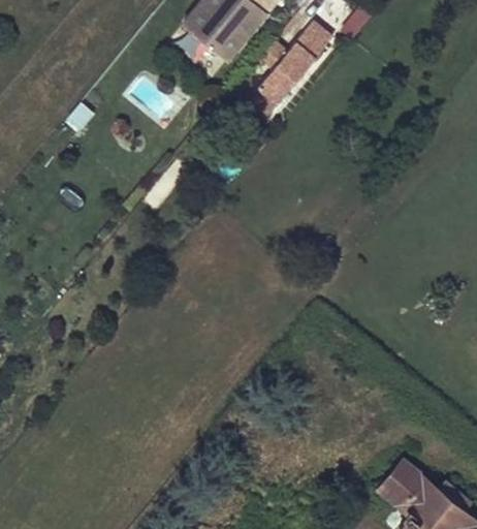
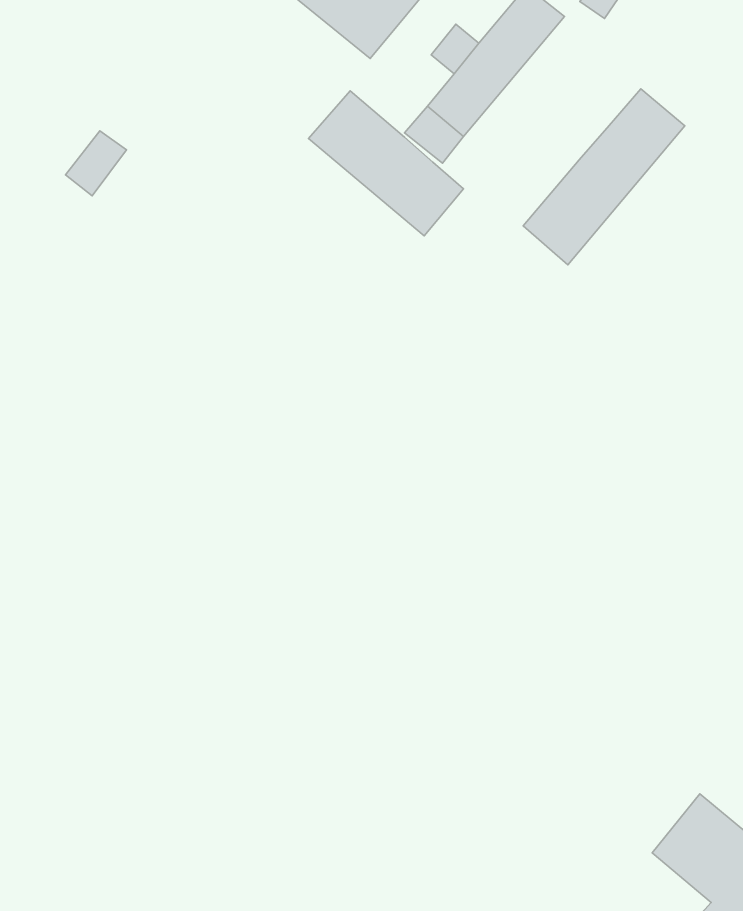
building: none -> [523,89,685,265]
building: none -> [308,91,464,236]

